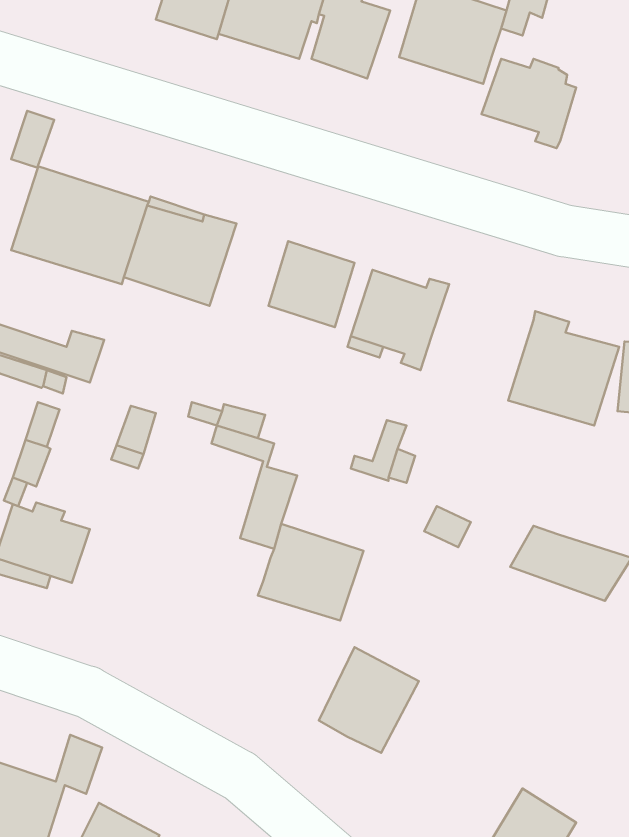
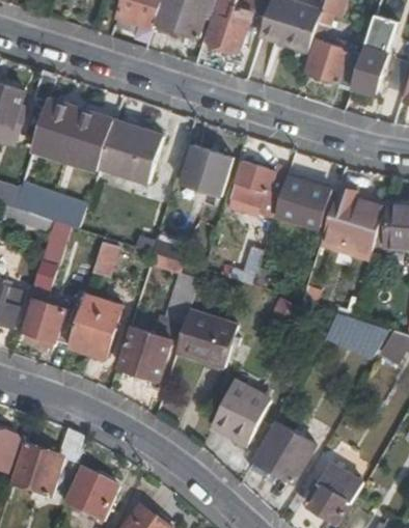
building: none -> [351,17,385,94]
building: none -> [274,178,335,226]
building: none -> [66,293,121,358]
building: none -> [118,319,183,380]
building: none -> [248,421,315,481]

